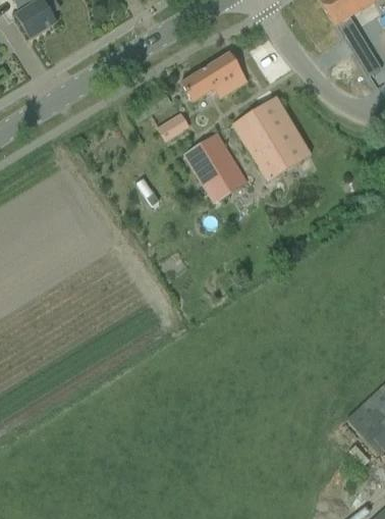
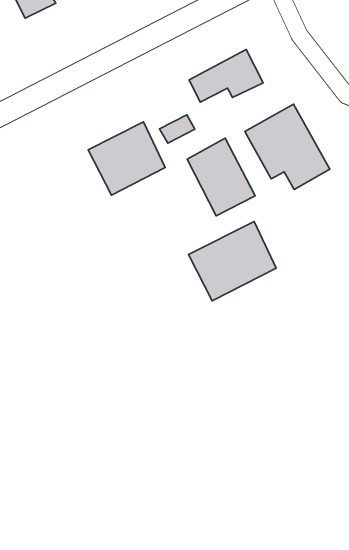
building: none -> [88,122,165,195]
building: none -> [188,221,276,301]

